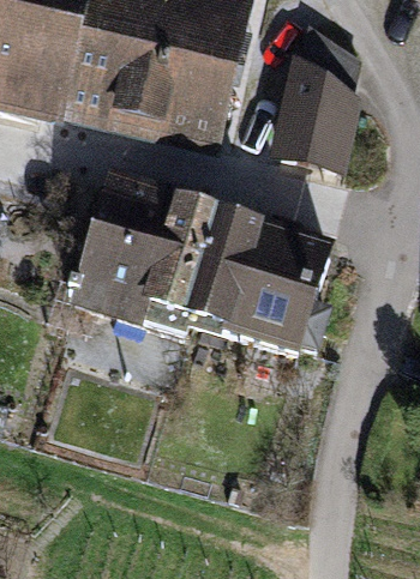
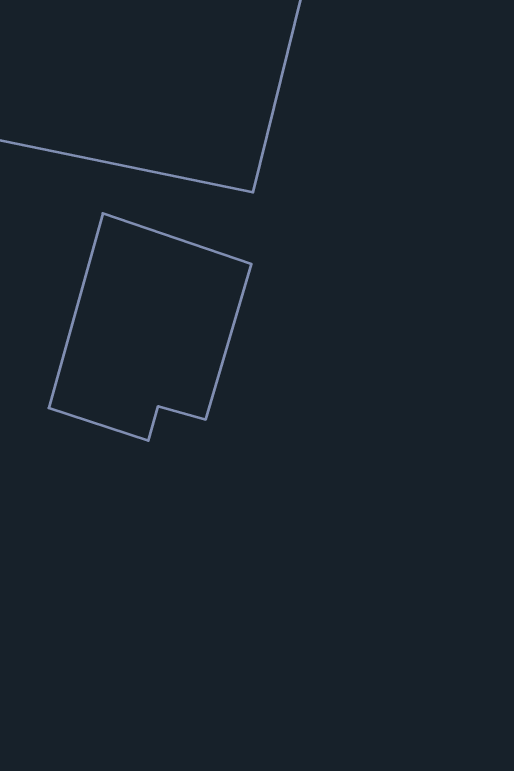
building: [270,19,362,169] -> none
building: [182,205,330,358] -> none

